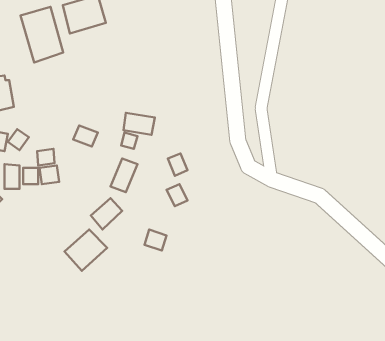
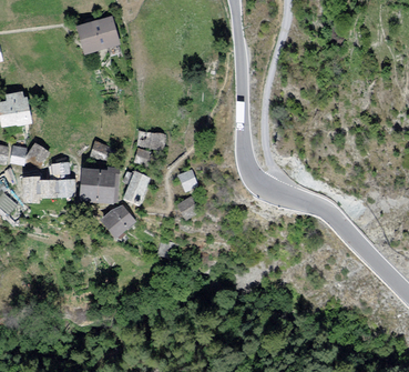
building: [20,7,63,62] -> none
building: none -> [81,169,113,199]
building: [64,230,107,271] -> none

